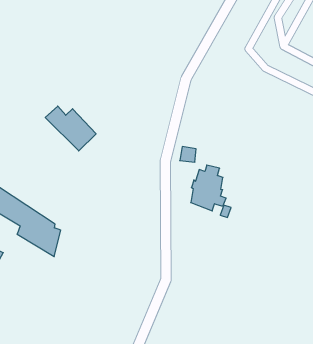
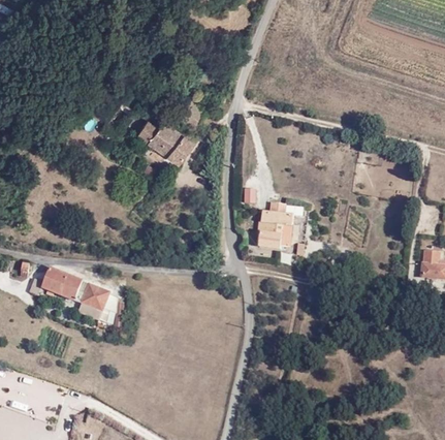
building: [45,106,96,151] -> [135,119,193,163]

